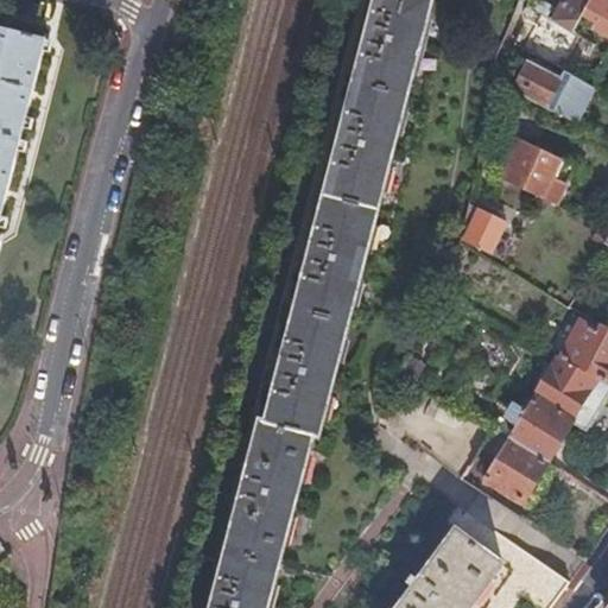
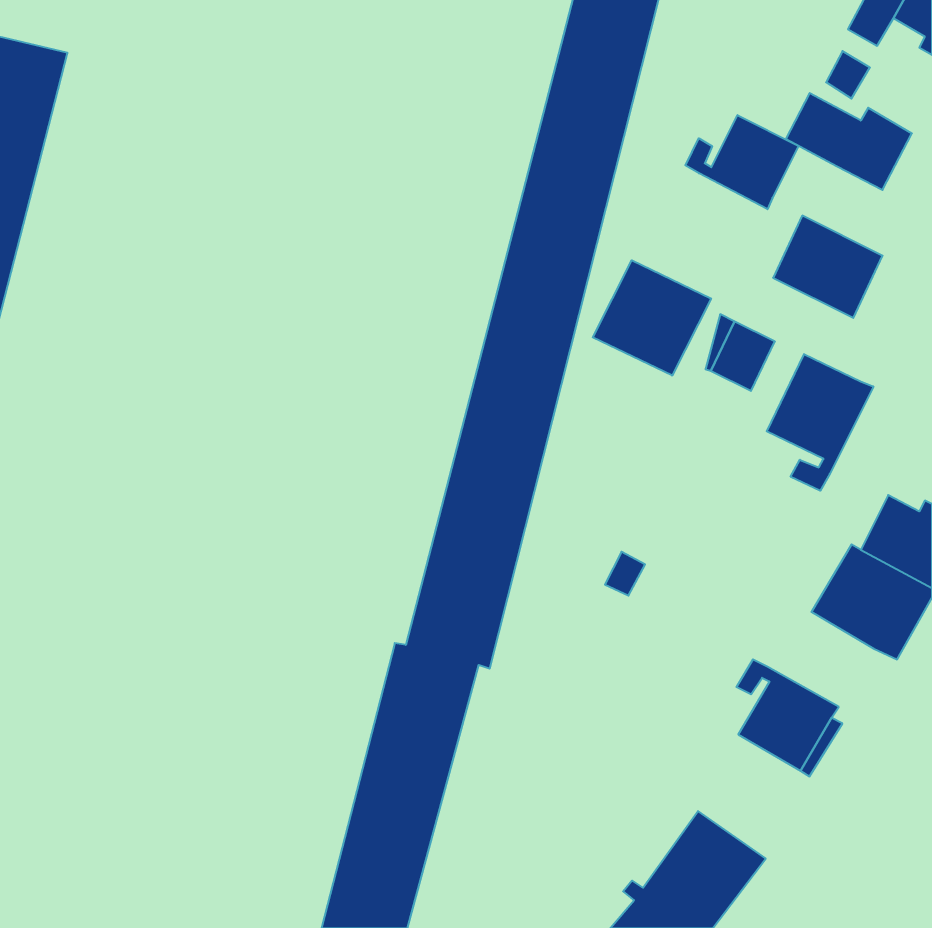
building: none -> [685,115,799,209]
building: none -> [593,260,711,376]
building: none -> [767,354,873,491]
building: [499,398,568,460] -> none

